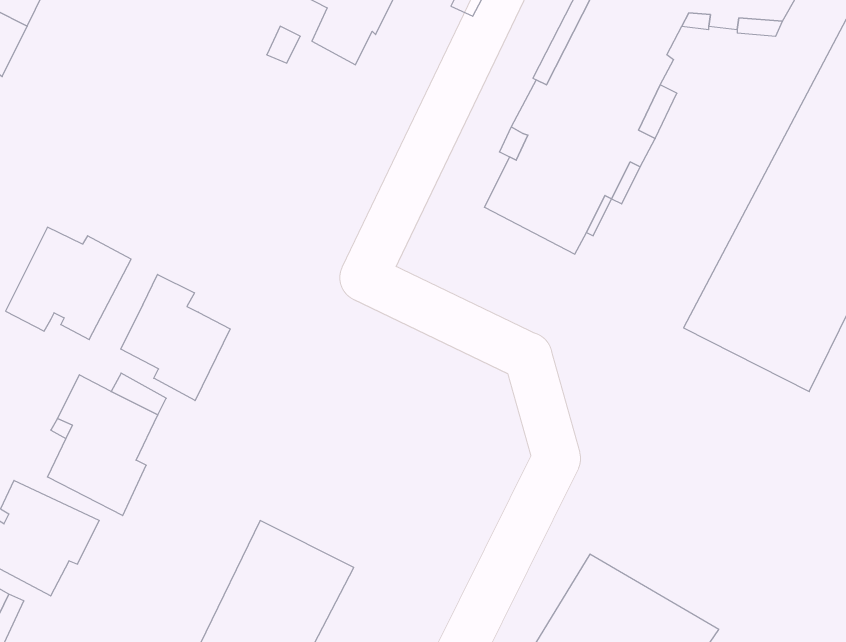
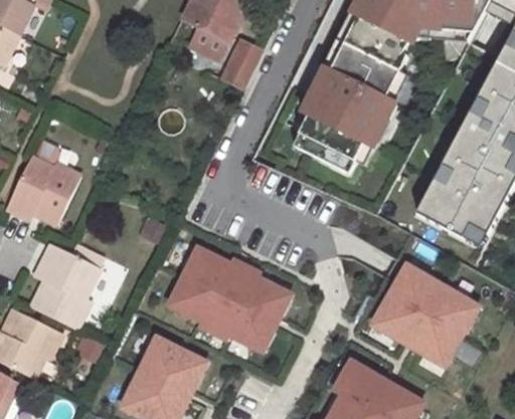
building: none -> [216,50,254,96]
building: [121,274,230,401] -> none
building: none -> [170,244,299,355]
building: none -> [371,259,488,371]

